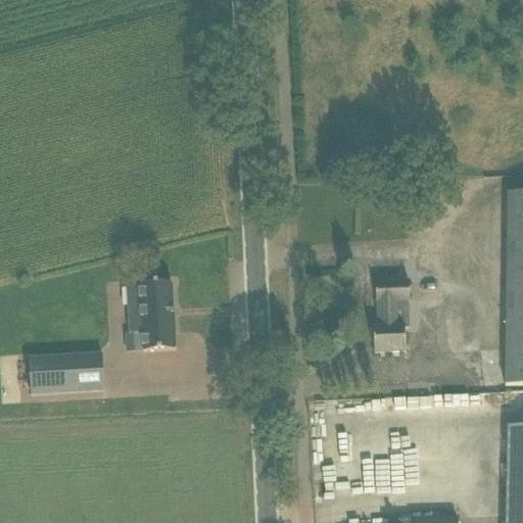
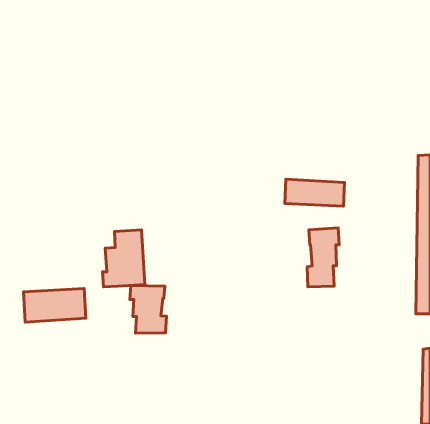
building: none -> [285,179,345,206]
building: none -> [130,286,167,333]

